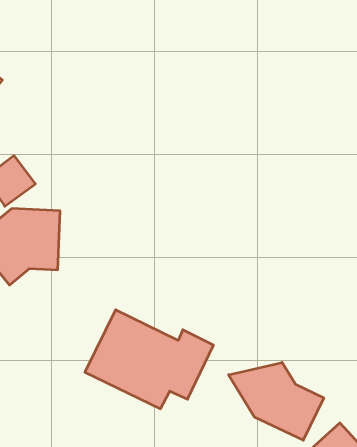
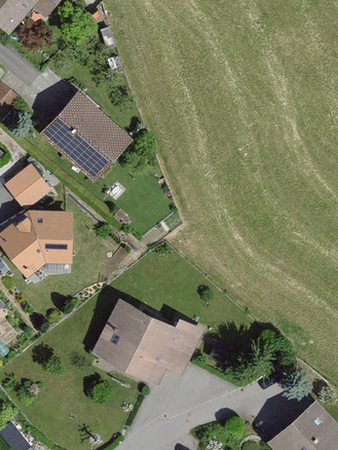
building: none -> [39,91,130,181]
building: [229,362,324,440] -> none

